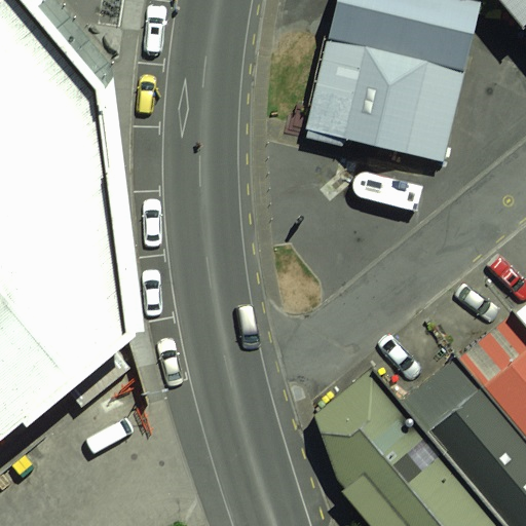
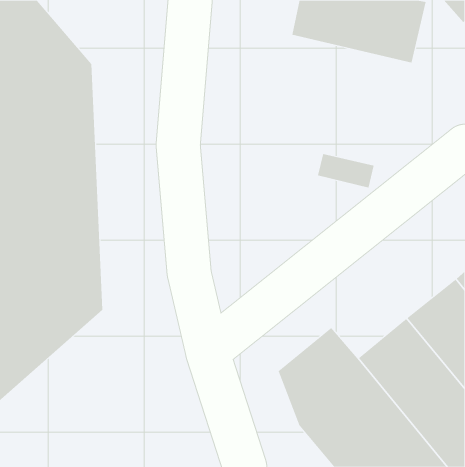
building: [306,39,463,163] -> none

